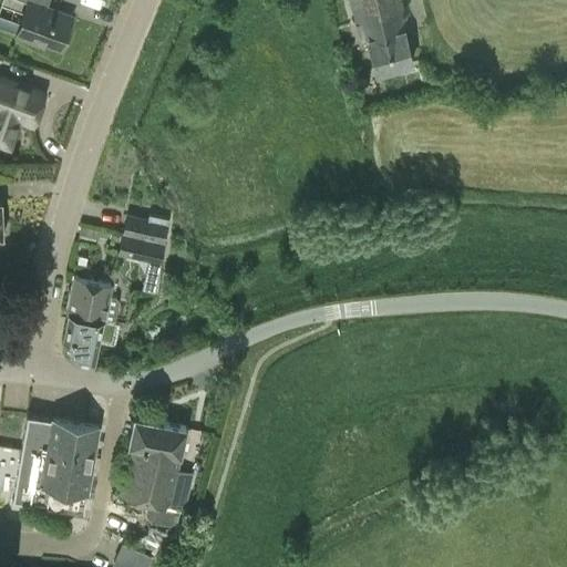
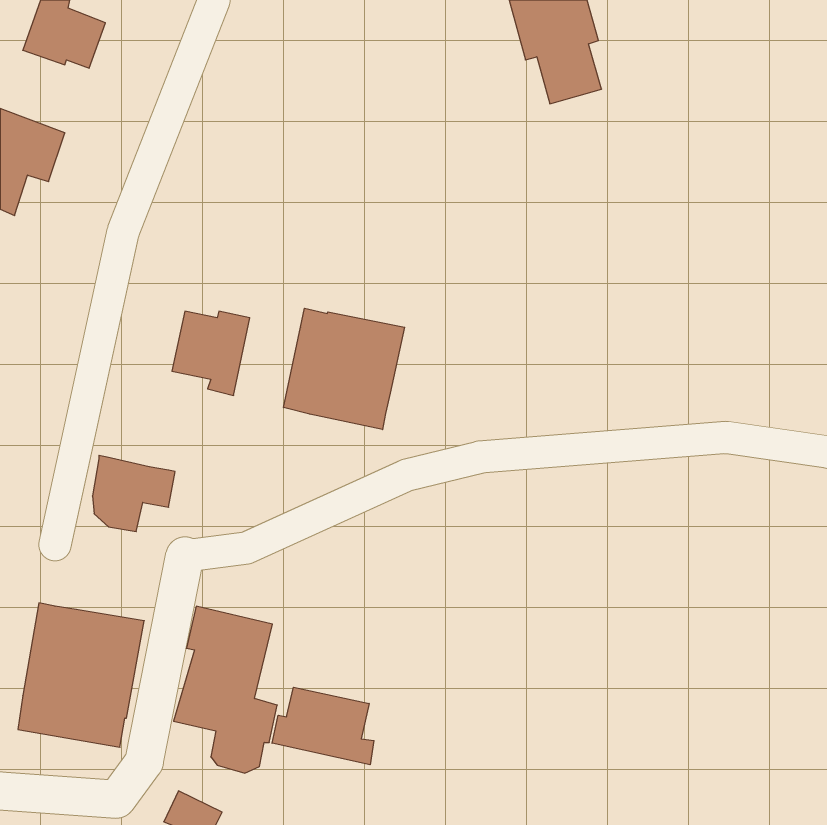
building: none -> [284,308,405,430]
building: [68,277,121,323] -> none
building: none -> [272,687,374,765]

